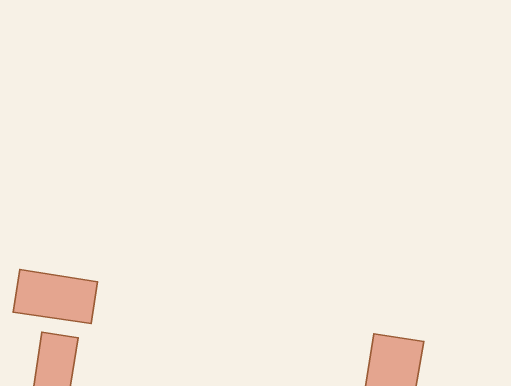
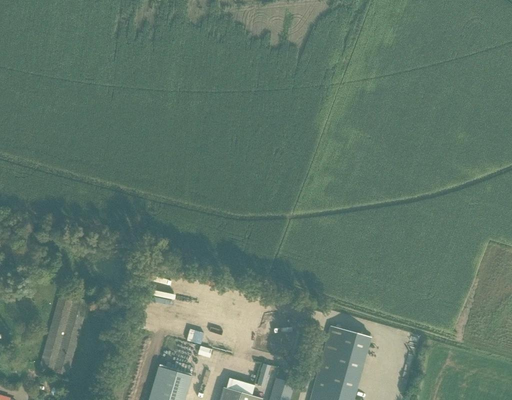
building: [13,269,97,324] -> none

